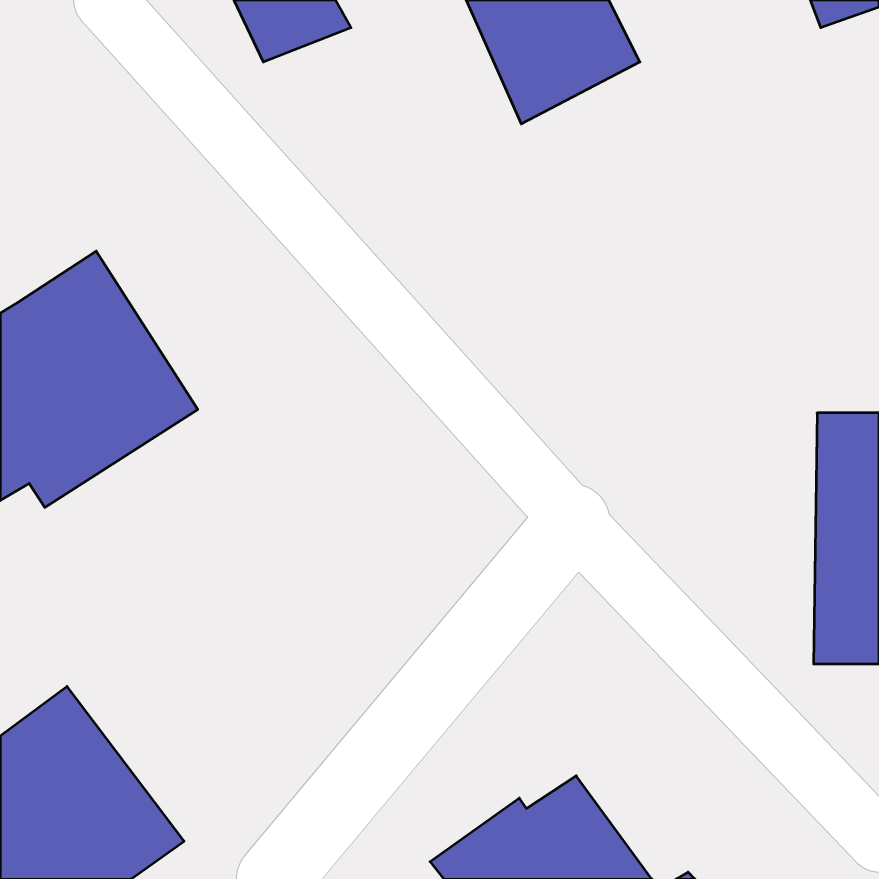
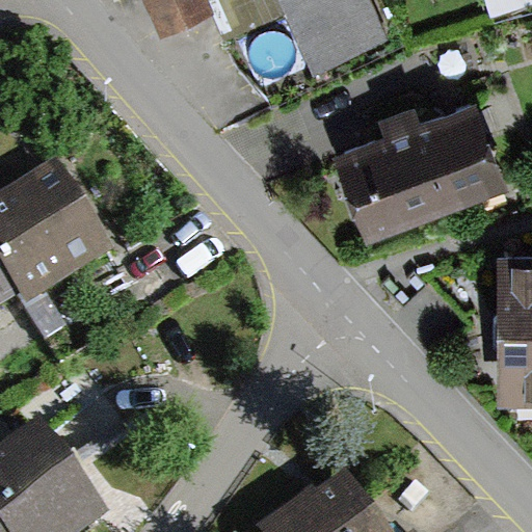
building: none -> [331,105,509,249]

